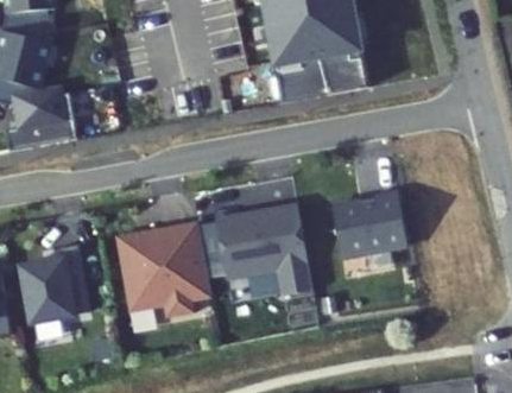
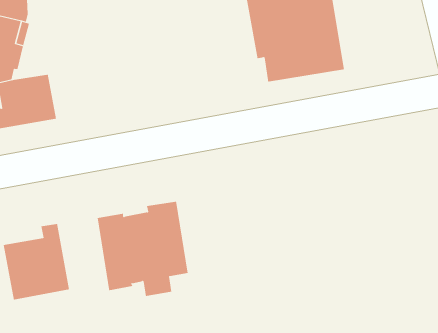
building: [333,191,406,258] -> none
building: [215,203,311,296] -> none

